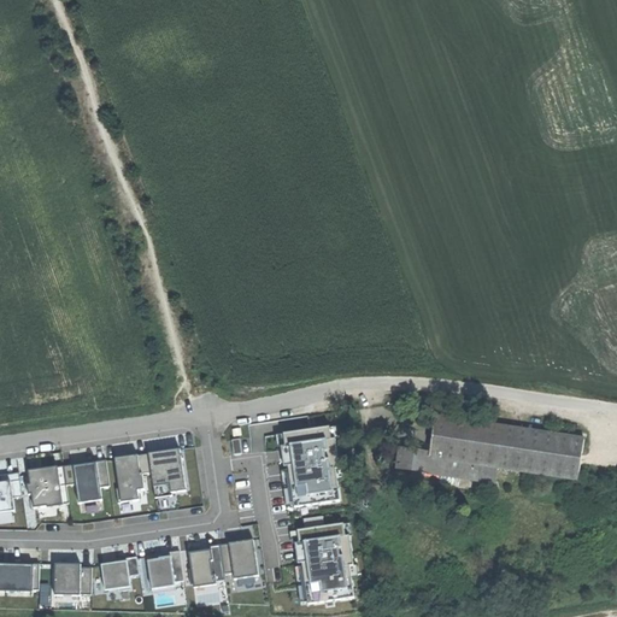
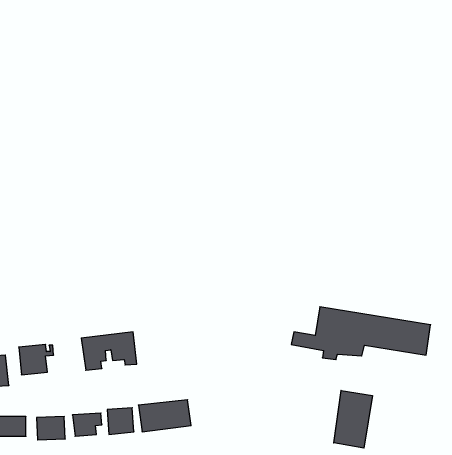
building: [281,424,341,505] -> none
building: [72,460,105,501] -> none
building: [295,517,357,603] -> none
building: none -> [334,390,372,448]

